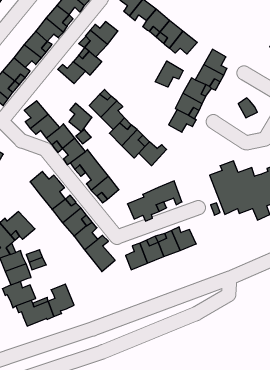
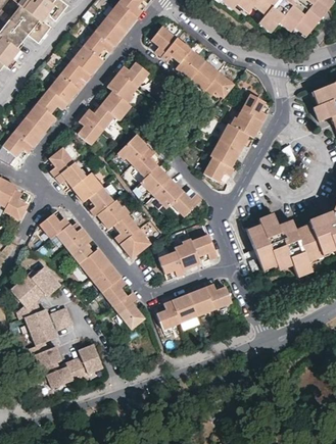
building: [155,61,183,87] -> none
building: [69,103,92,132] -> [78,114,102,145]
building: none -> [39,213,68,239]

